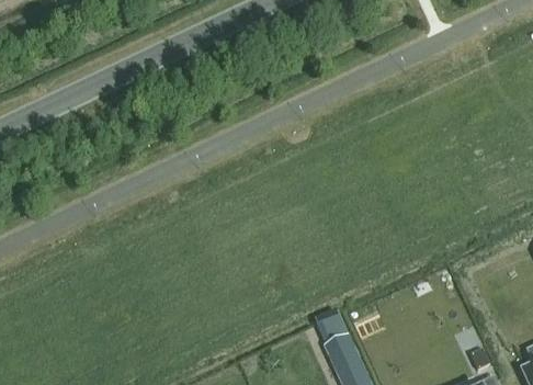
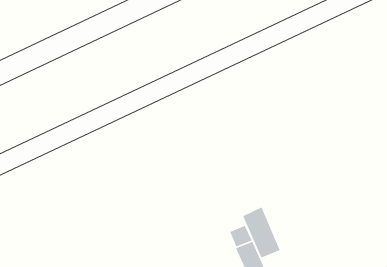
building: none -> [242,207,281,258]

